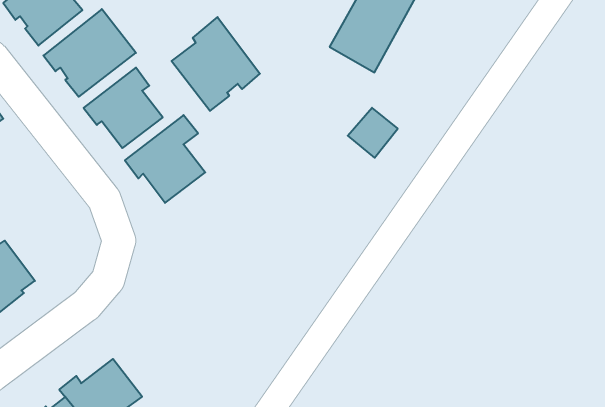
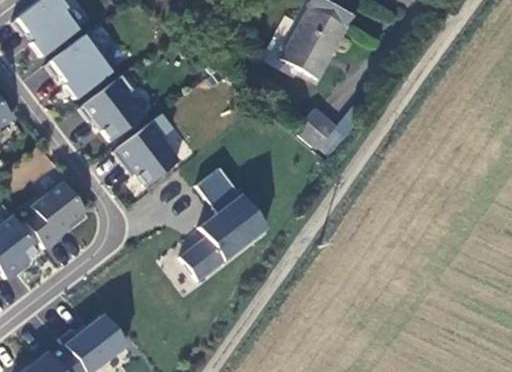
building: [172,17,260,111] -> none
building: none -> [181,167,268,280]
building: none -> [25,182,86,248]

